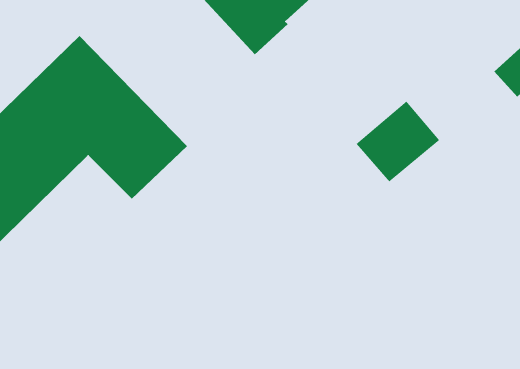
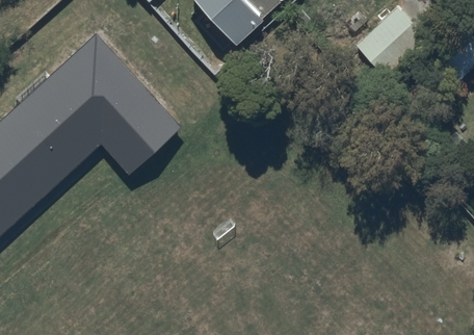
building: [356,100,440,183] -> [357,8,427,77]

